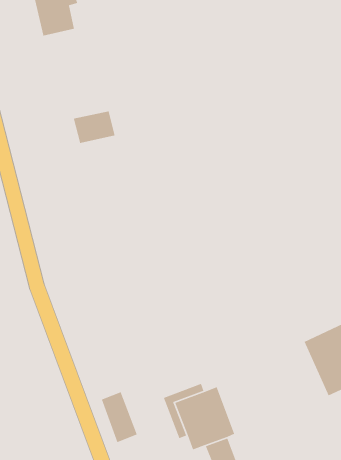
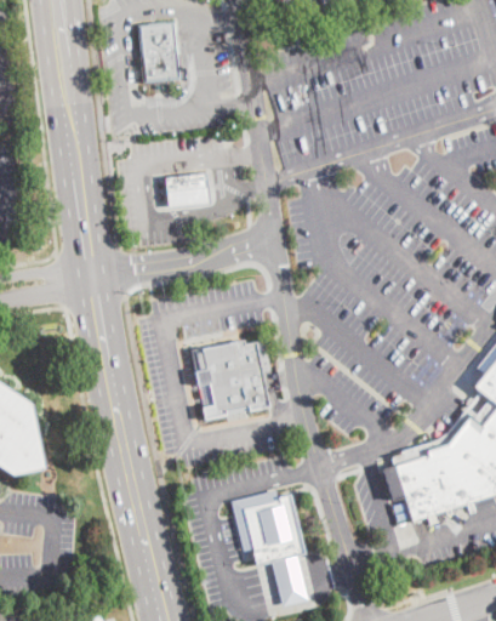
building: none -> [193,341,272,420]
building: [101,391,138,443] -> none

